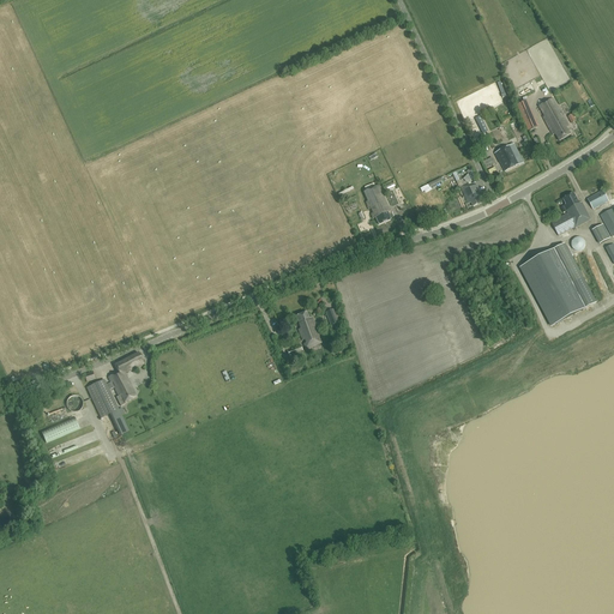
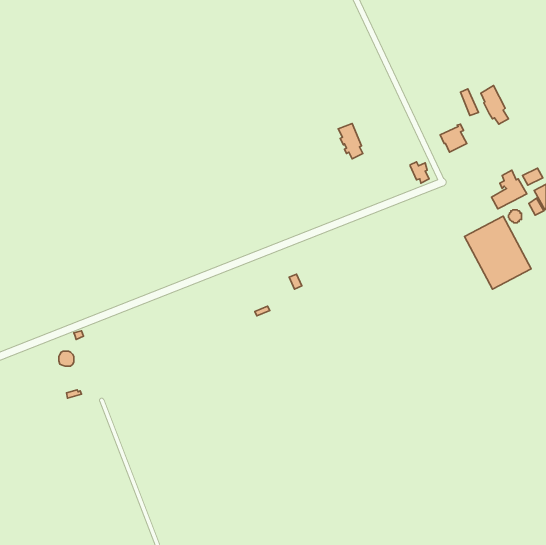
building: [362,183,390,223] -> [338,123,363,159]
building: [295,309,320,347] -> none
building: [85,351,144,416] -> none

